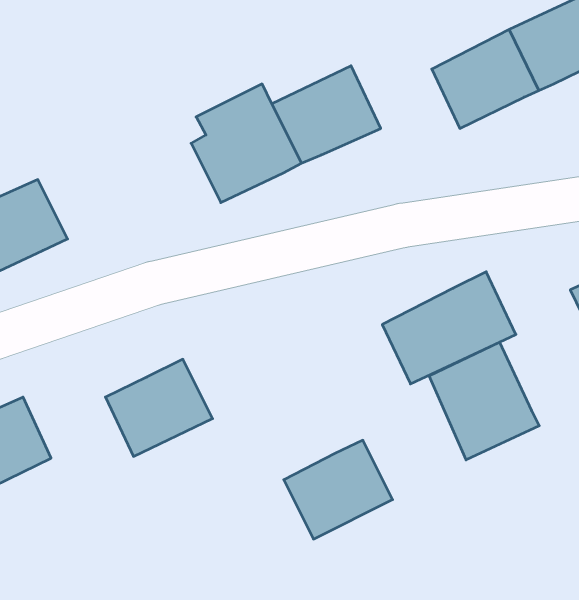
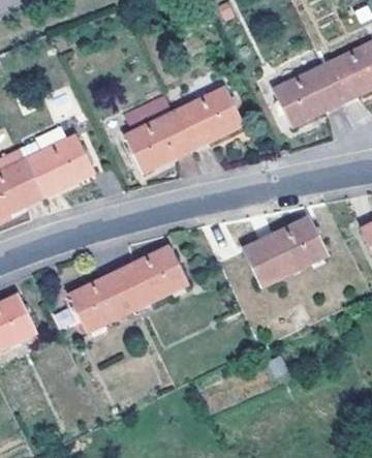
building: none -> [22,133,94,194]
building: [429,342,539,460] -> none
building: [284,440,393,539] -> [119,245,187,307]

